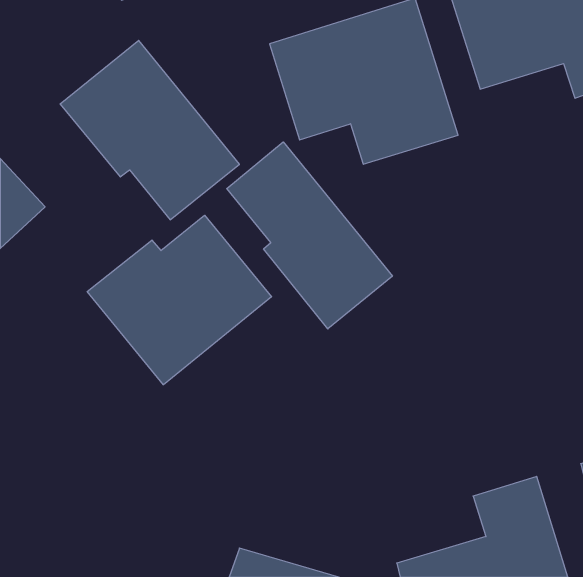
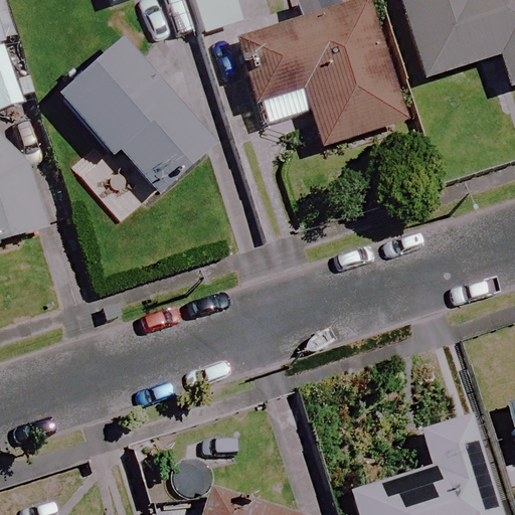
building: [227,142,392,329] -> none
building: [87,215,272,385] -> none

